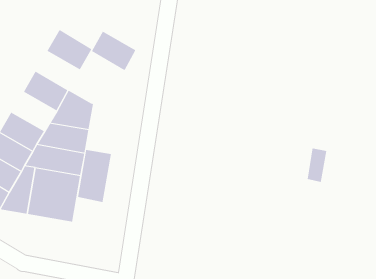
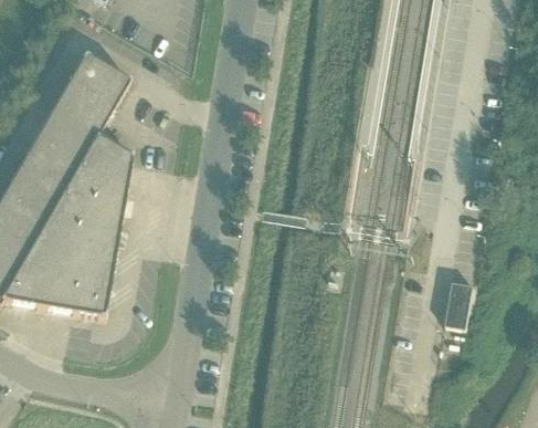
building: [91,31,136,70] -> [52,79,114,133]
building: none -> [19,135,82,189]
building: [307,148,327,182] -> [446,278,474,325]
building: [77,149,112,203] -> none

